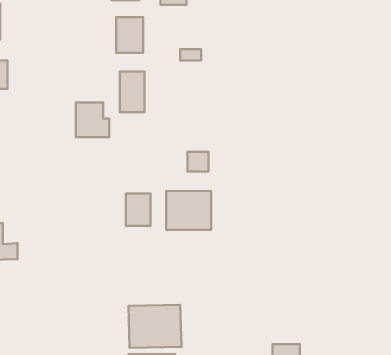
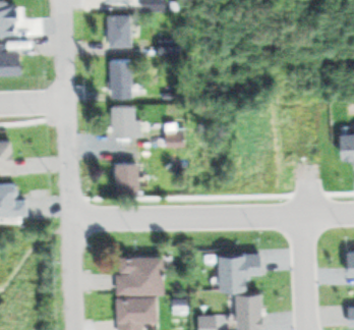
building: [76,103,109,137] -> [111,109,138,138]
building: [166,191,211,230] -> none
building: none -> [220,252,260,285]

